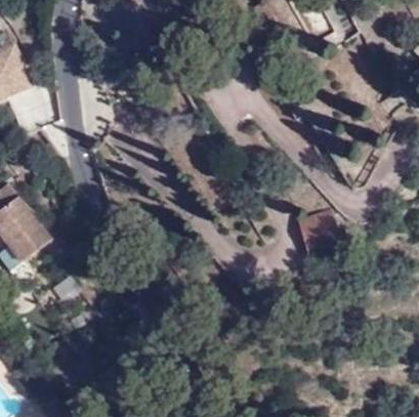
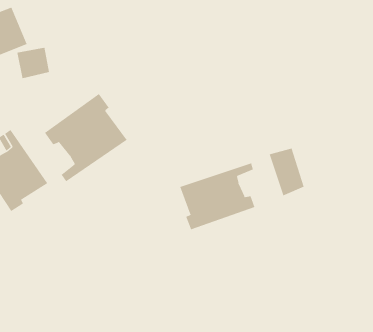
building: none -> [44,93,127,182]
building: none -> [179,163,255,230]

